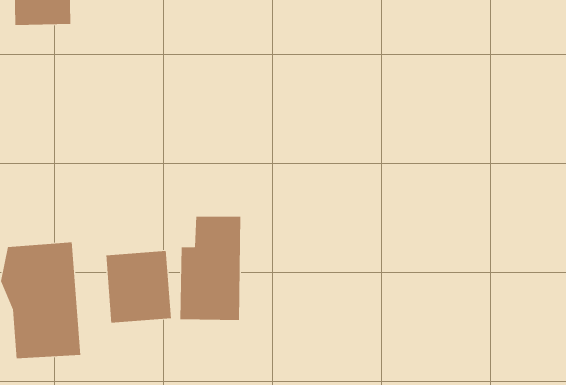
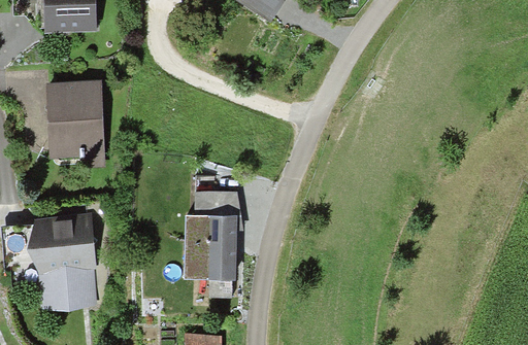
building: none -> [48,79,106,166]
building: [106,250,171,323] -> none

